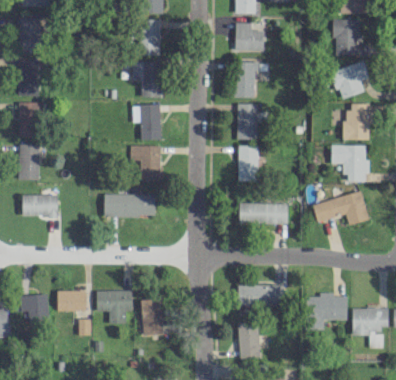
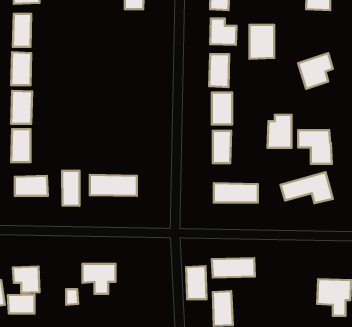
building: [335,19,362,56] -> [250,25,274,59]
building: [139,20,161,55] -> none
building: [126,62,162,98] -> none
building: [344,104,370,140] -> [268,115,291,148]
building: [133,105,162,140] -> none
building: [131,146,162,181] -> none
building: none -> [62,171,80,206]
building: [58,290,87,311] -> [8,294,34,314]
building: [306,293,348,330] -> none
building: [142,299,164,335] -> [186,266,206,299]

